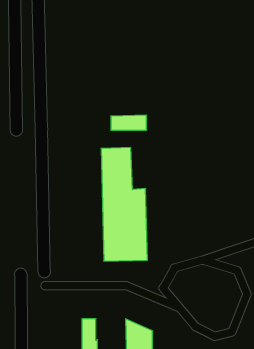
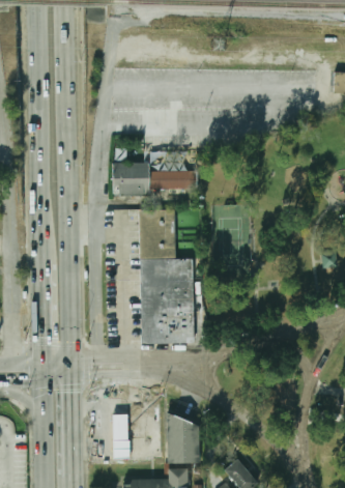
building: none -> [113,164,150,194]

